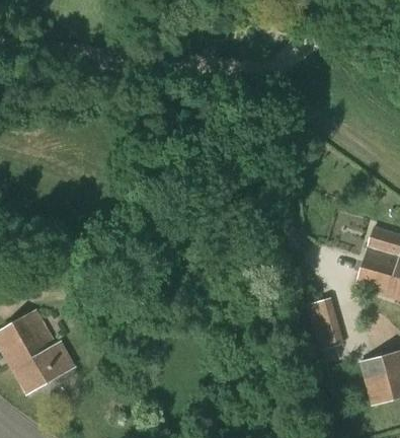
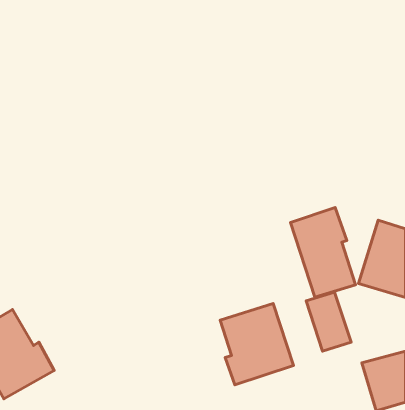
building: none -> [290,208,355,297]
building: none -> [220,303,293,385]

